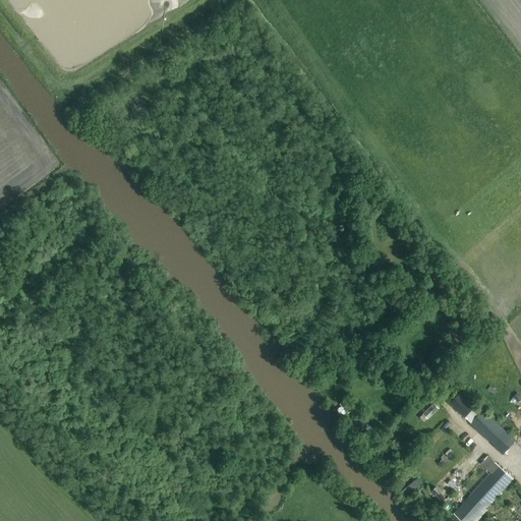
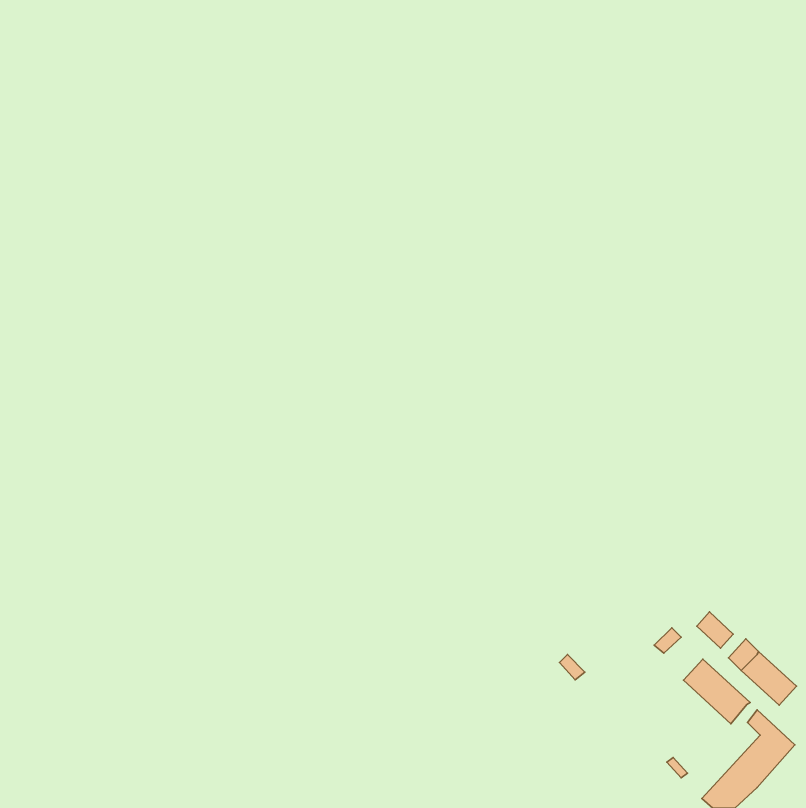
building: none -> [684,659,750,724]

